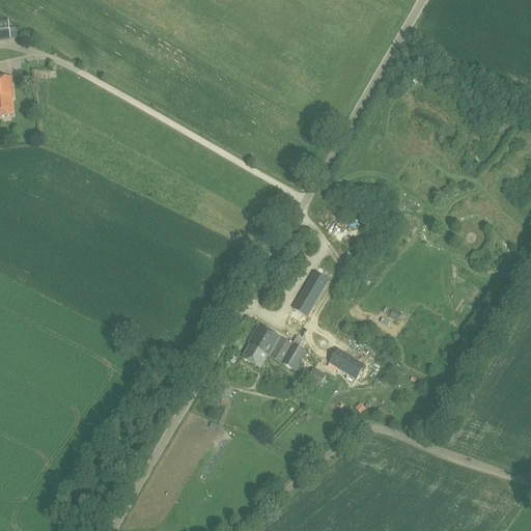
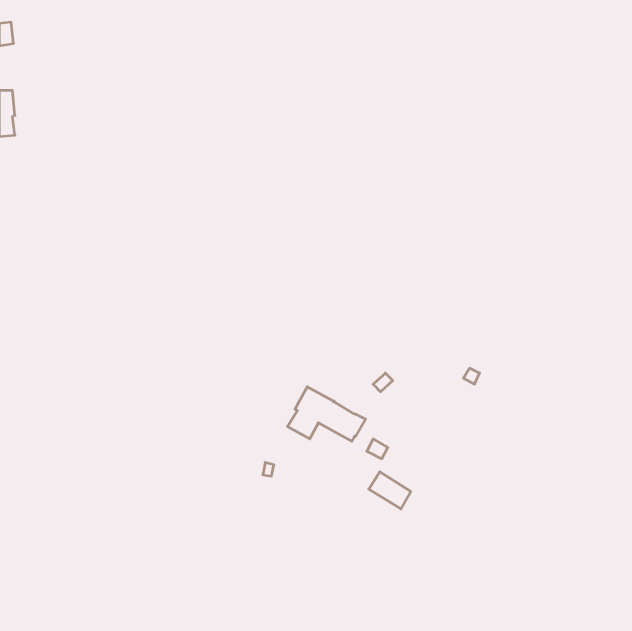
building: [292,271,328,315] -> none
building: [328,347,363,379] -> [369,472,411,509]

